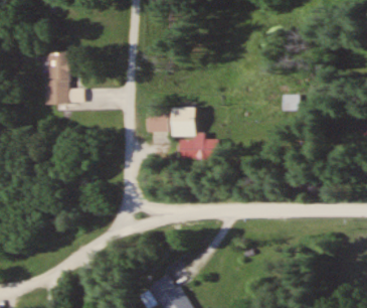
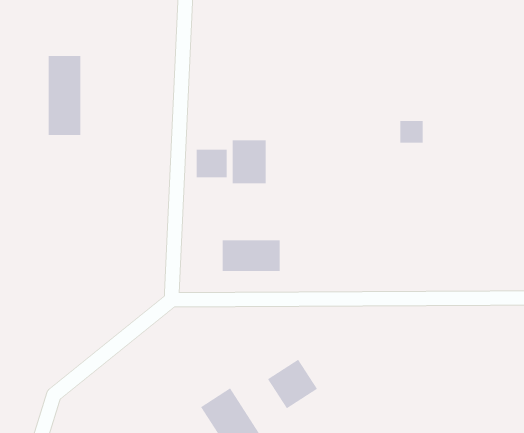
building: [179,139,218,160] -> [222,240,281,272]
building: none -> [267,359,318,409]

